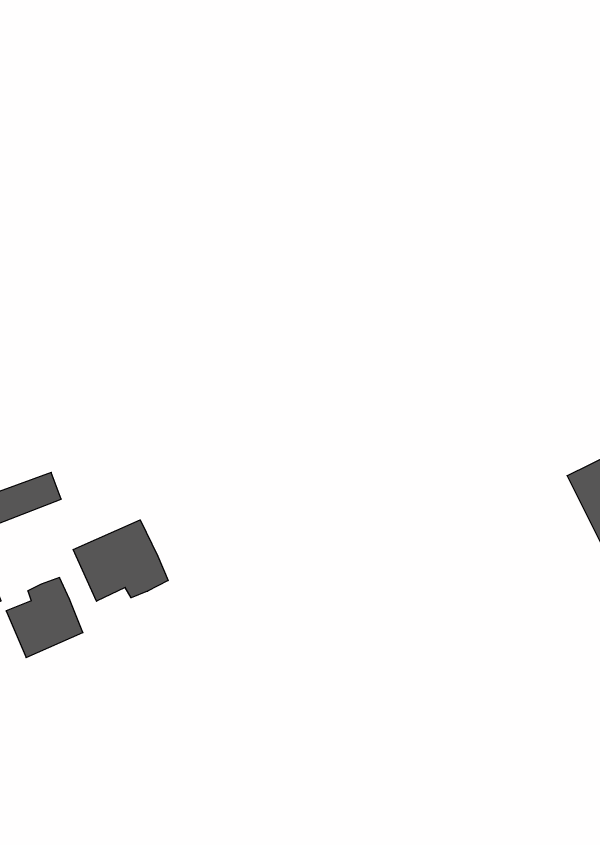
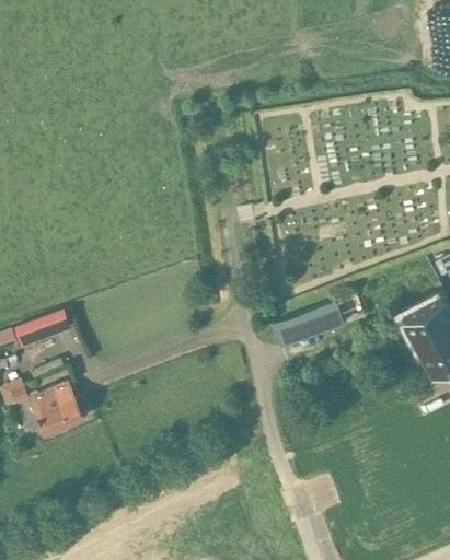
building: none -> [270,300,343,346]
building: [73,520,168,601] -> none

